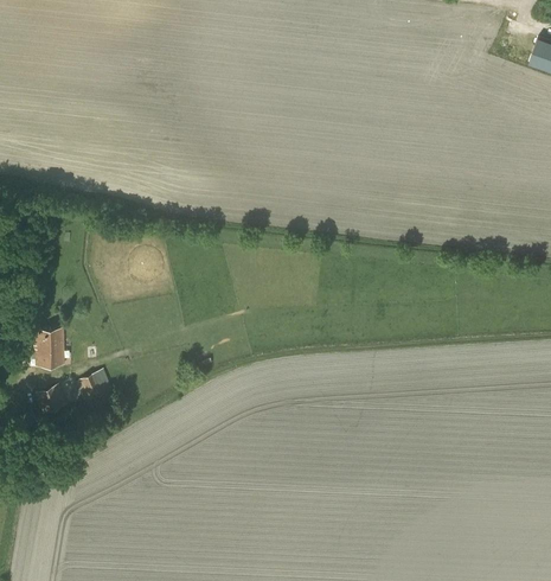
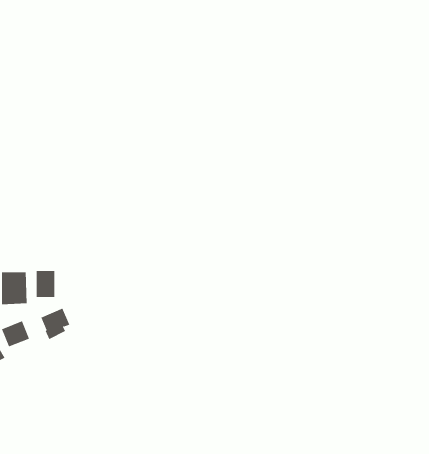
building: none -> [36,270,55,298]

